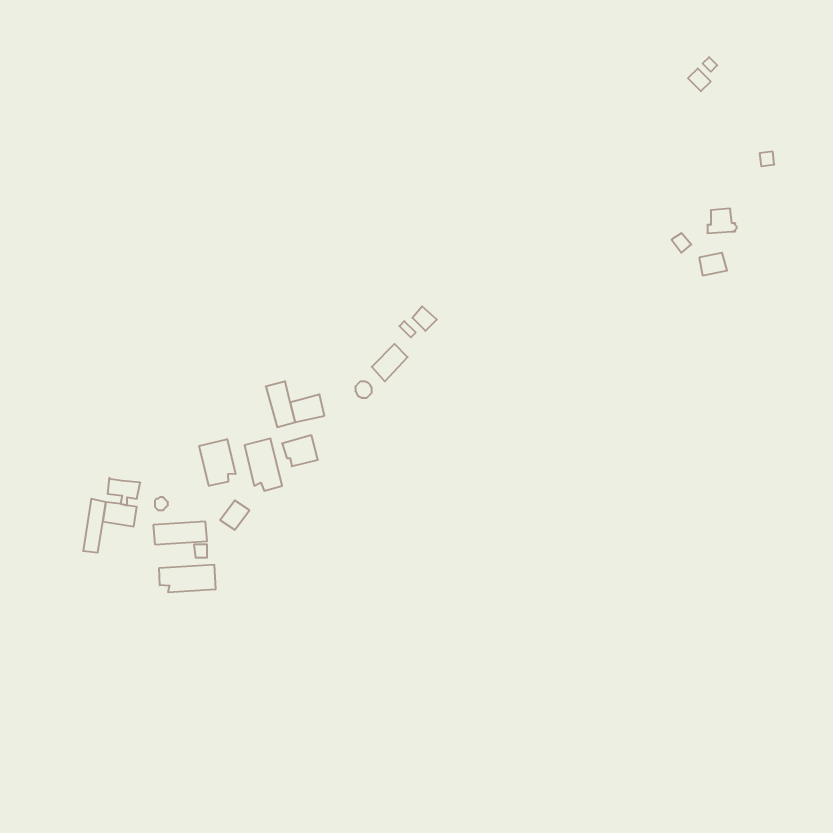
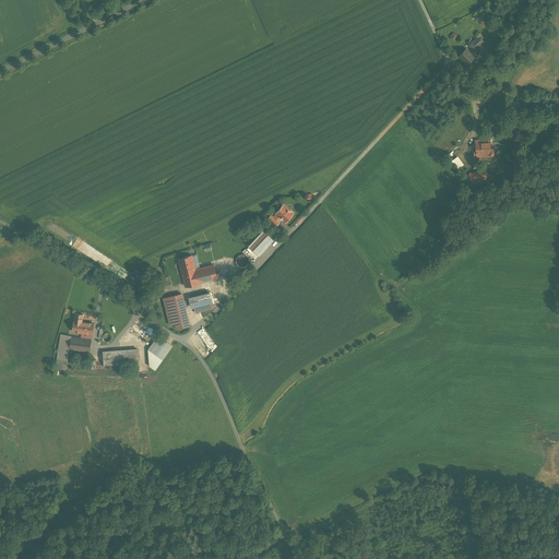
building: [199,439,236,486] -> none
building: [159,565,216,592] -> none

